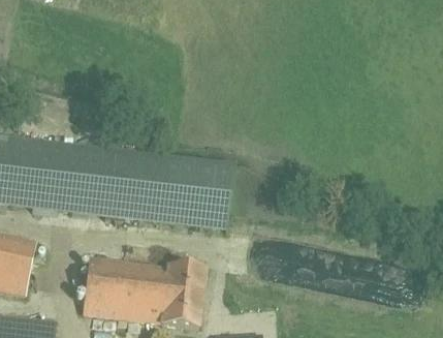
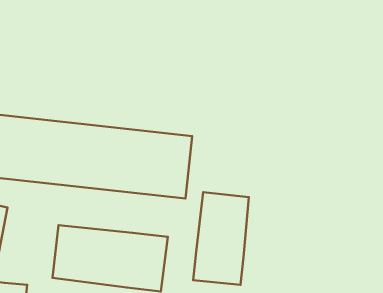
building: none -> [193,192,249,285]

